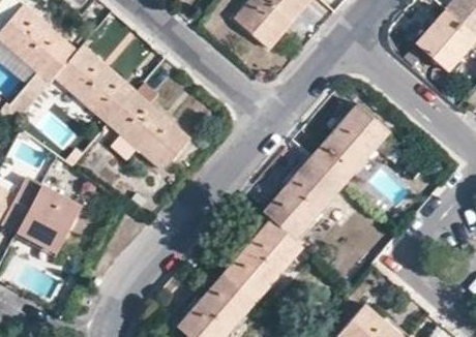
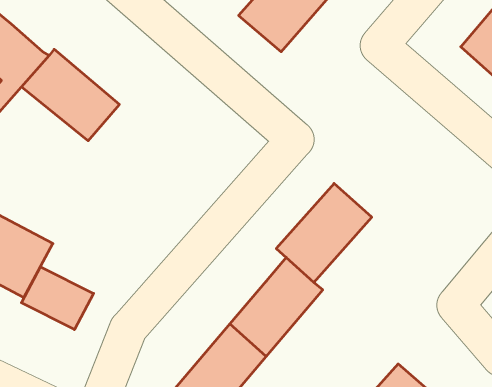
building: [109,91,188,167] -> none
building: [311,104,388,184] -> none
building: none -> [21,267,94,330]

